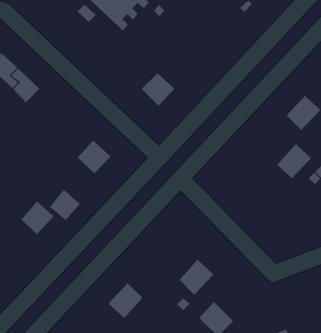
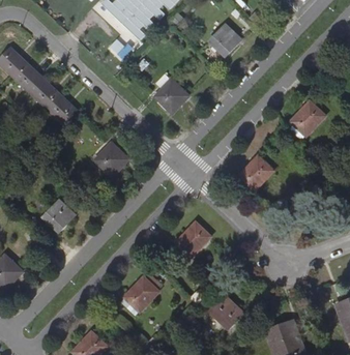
building: none -> [210,24,242,56]
building: none -> [49,95,77,122]
building: [277,143,312,179] -> [240,155,273,189]
building: [49,189,81,221] -> none
building: [179,259,214,295] -> [178,221,211,256]

